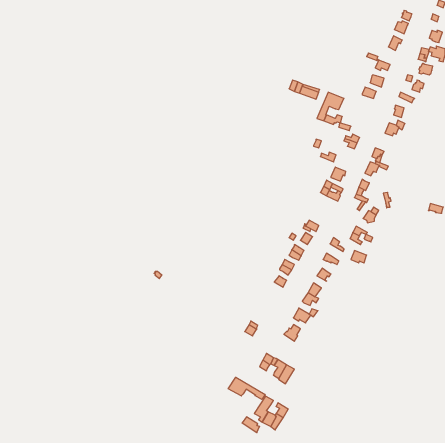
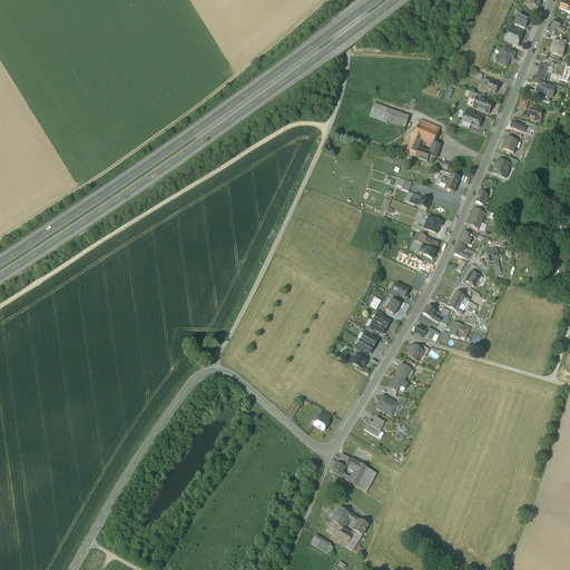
building: [228,377,265,399] -> none

